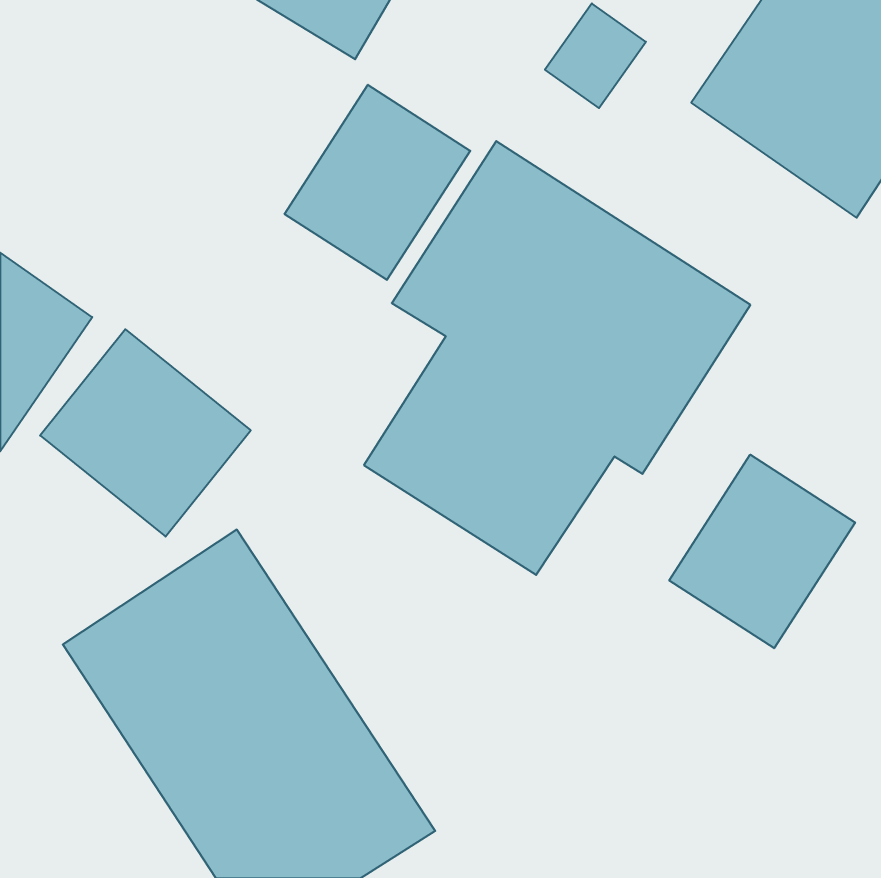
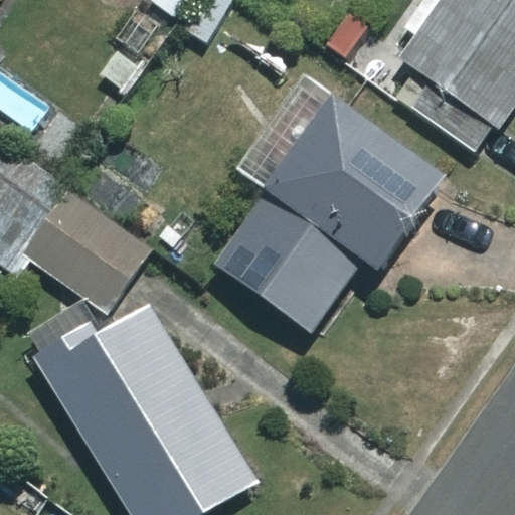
building: [285,85,470,280] -> none
building: [669,455,855,648] -> none

